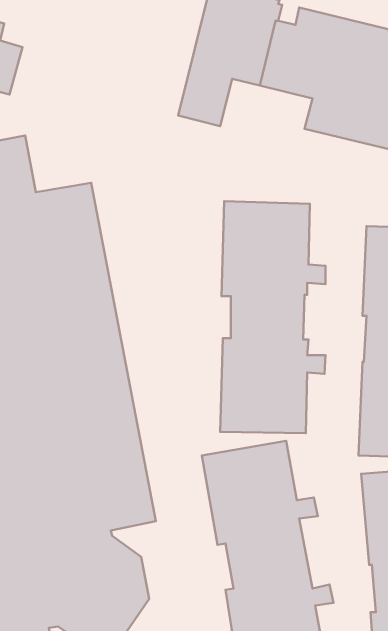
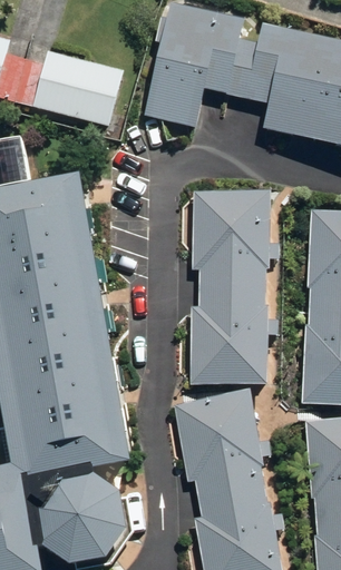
building: none -> [10,48,120,124]

